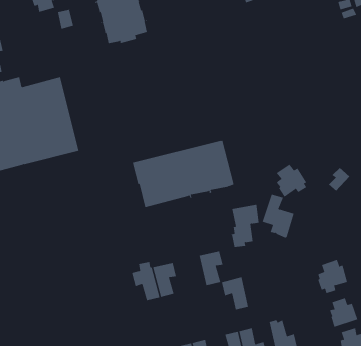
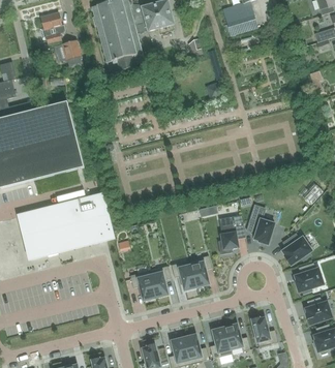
building: [132,139,234,208] -> [19,194,110,255]
building: [276,164,307,198] -> [282,234,310,264]
building: [221,276,249,310] -> [171,259,195,289]

